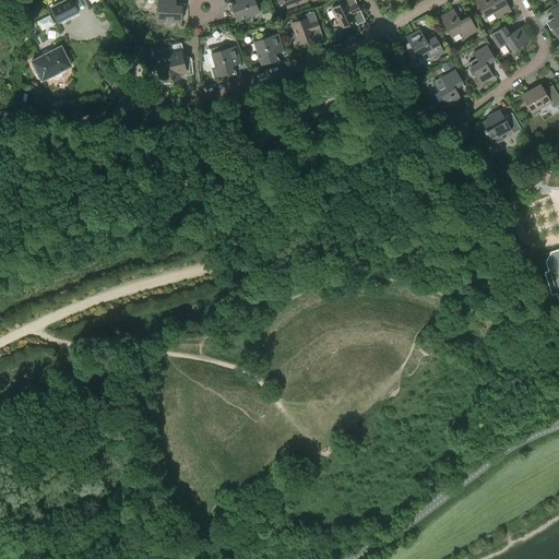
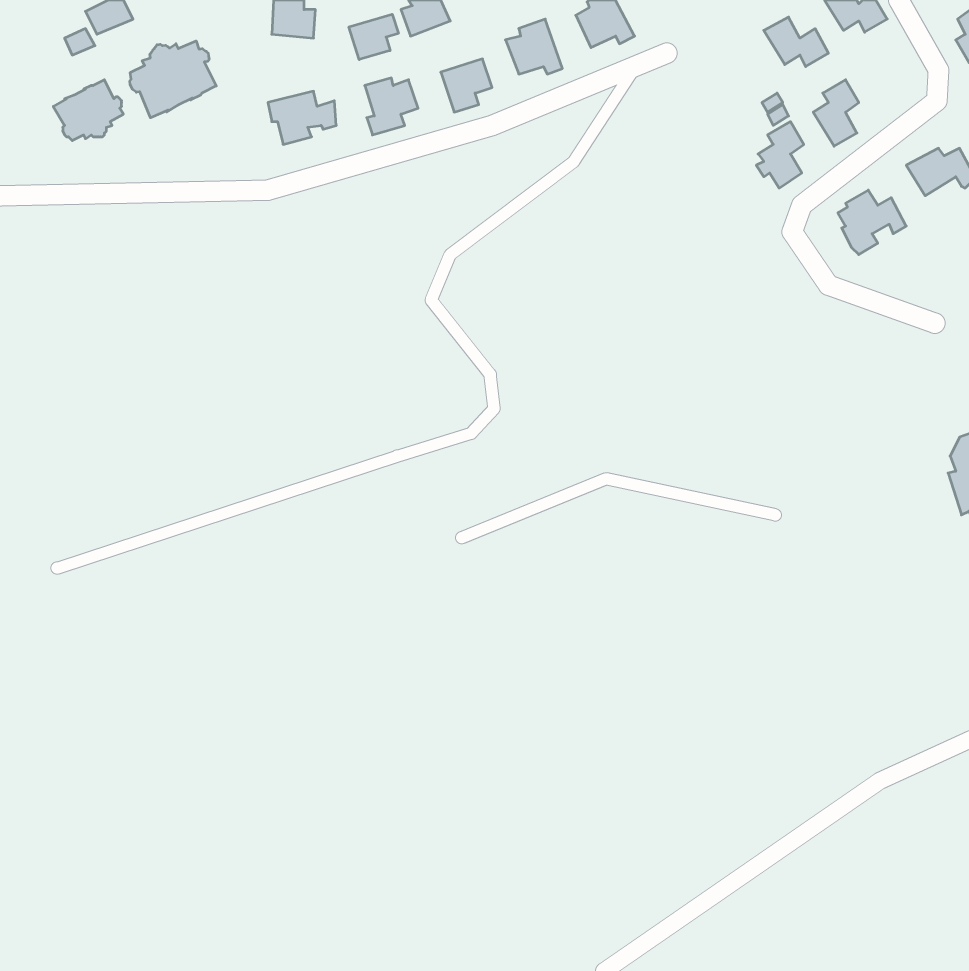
building: none -> [349,14,398,60]
building: none -> [130,41,216,118]
building: [491,26,530,52] -> none
building: [406,29,444,59] -> none

